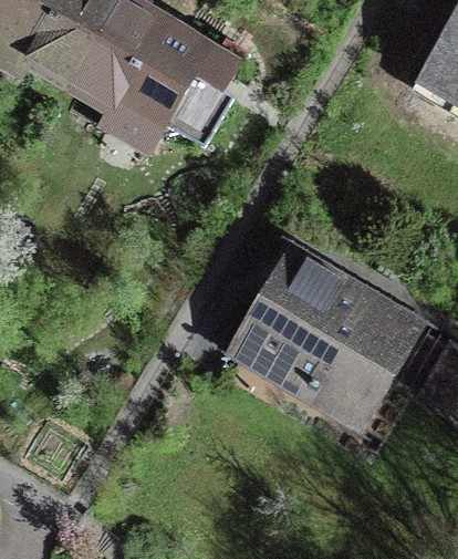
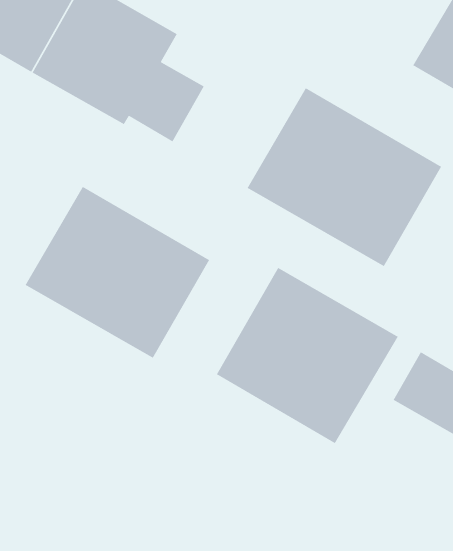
building: none -> [246,87,442,267]
building: none -> [25,186,210,359]

